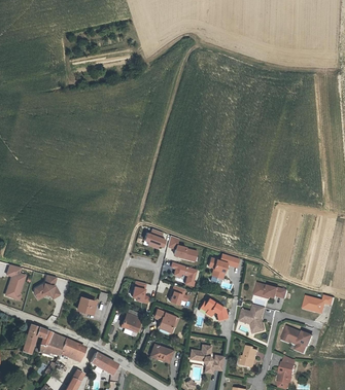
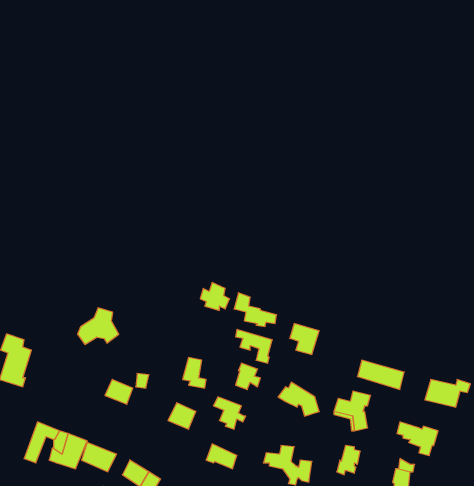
building: [33,275,62,300] -> [78,308,119,344]

